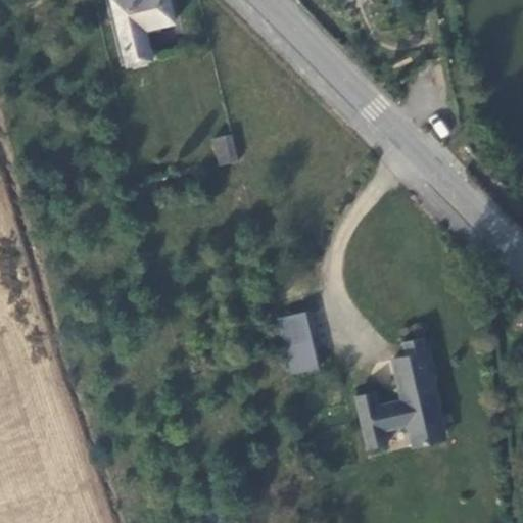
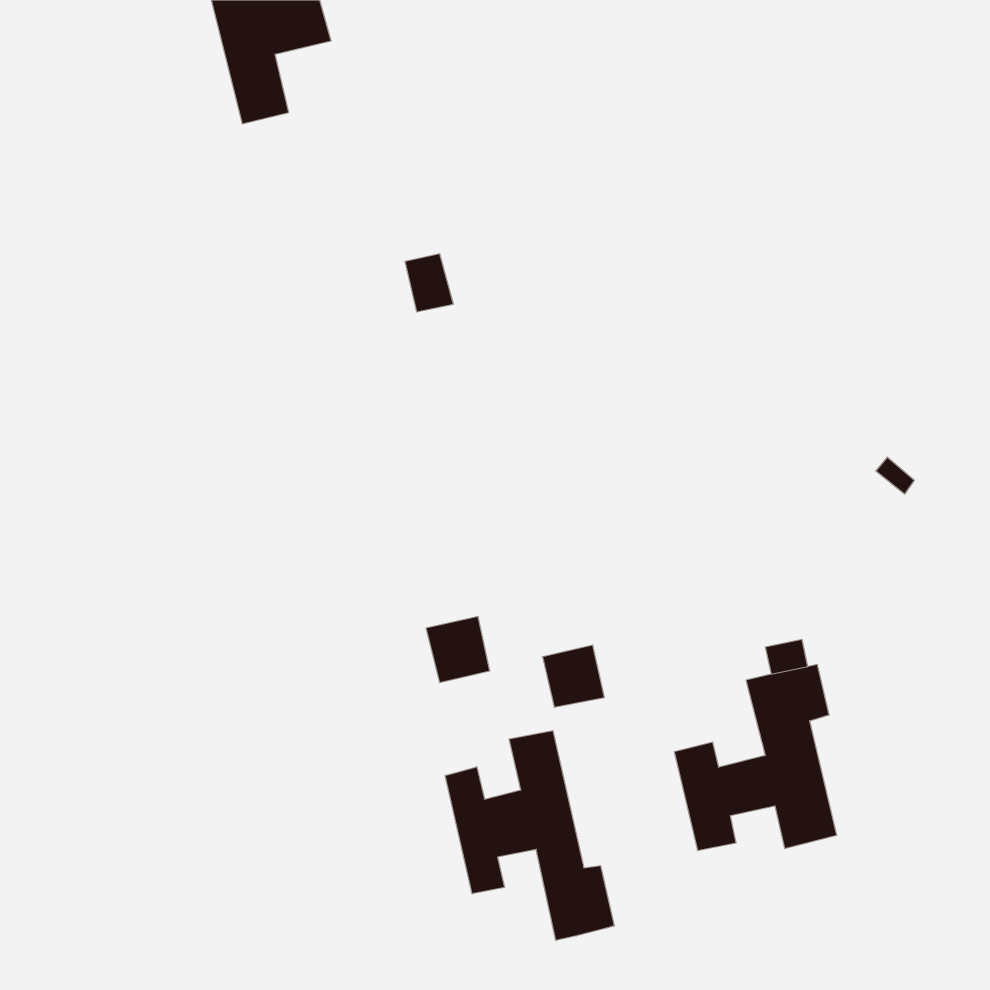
building: [279,312,313,346] -> [426,617,490,682]
building: none -> [445,731,614,941]

